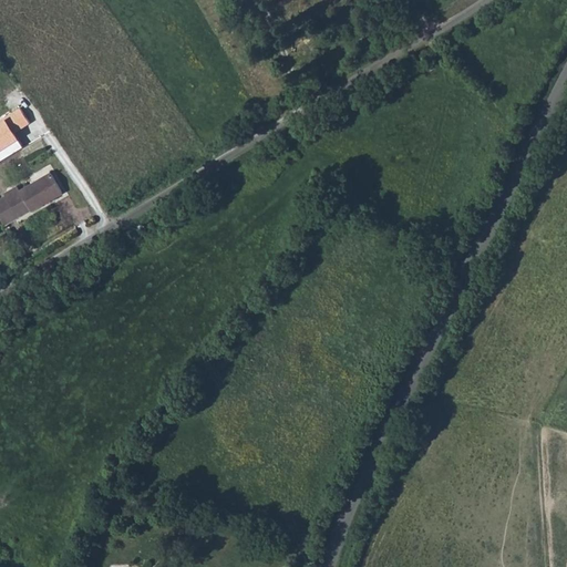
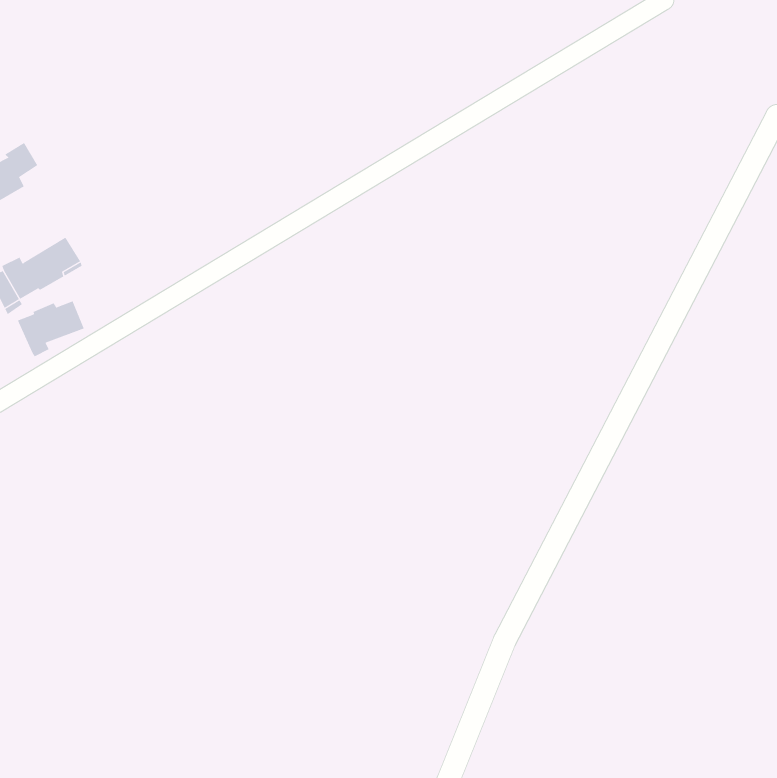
building: none -> [17,301,84,357]

